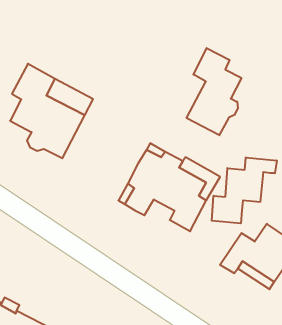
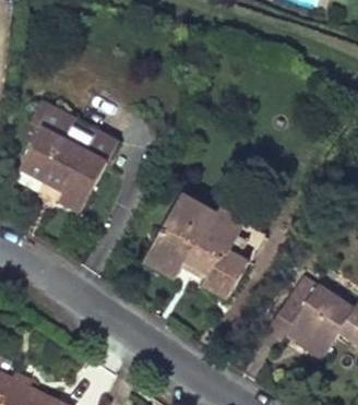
building: [187,48,241,135] -> none
building: [212,157,277,223] -> none

